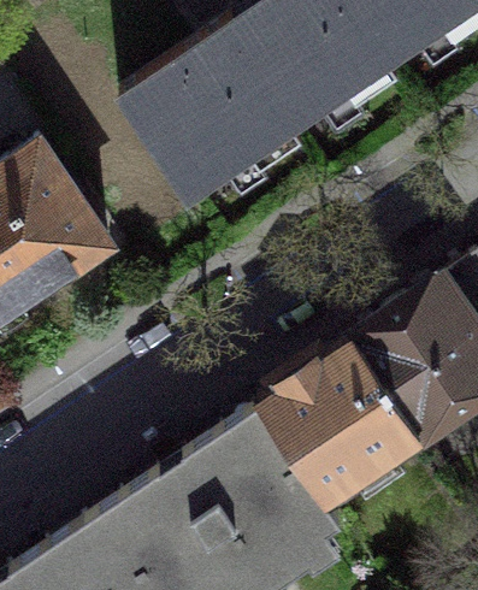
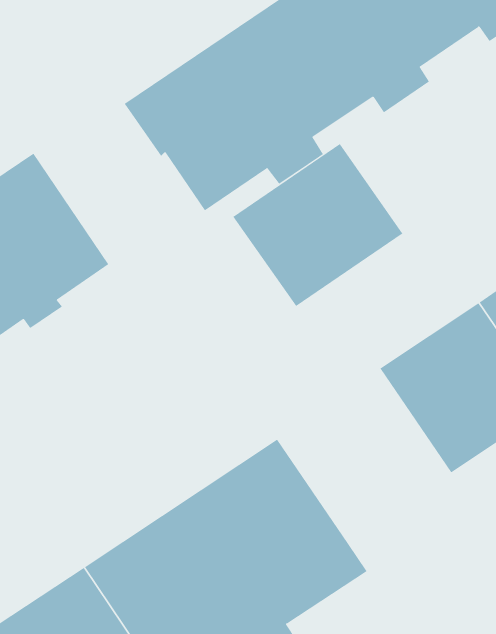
building: none -> [233,143,403,307]
building: [261,337,419,498] -> none

